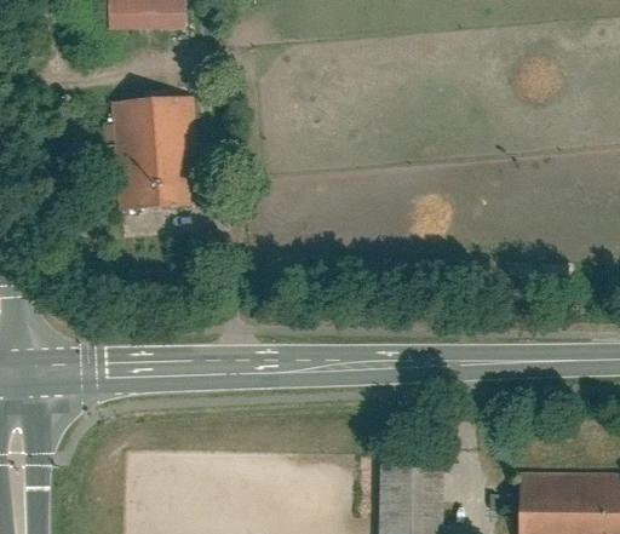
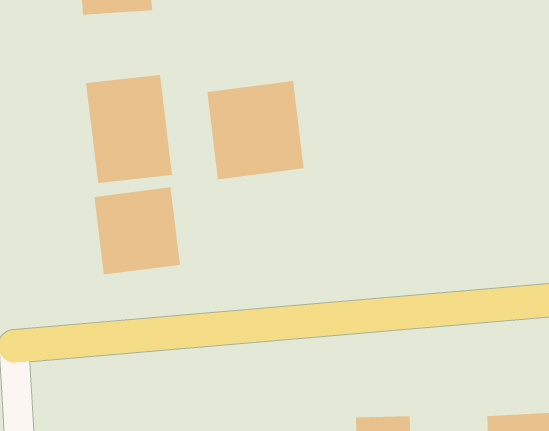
building: none -> [207,80,304,180]
building: none -> [94,187,180,275]

